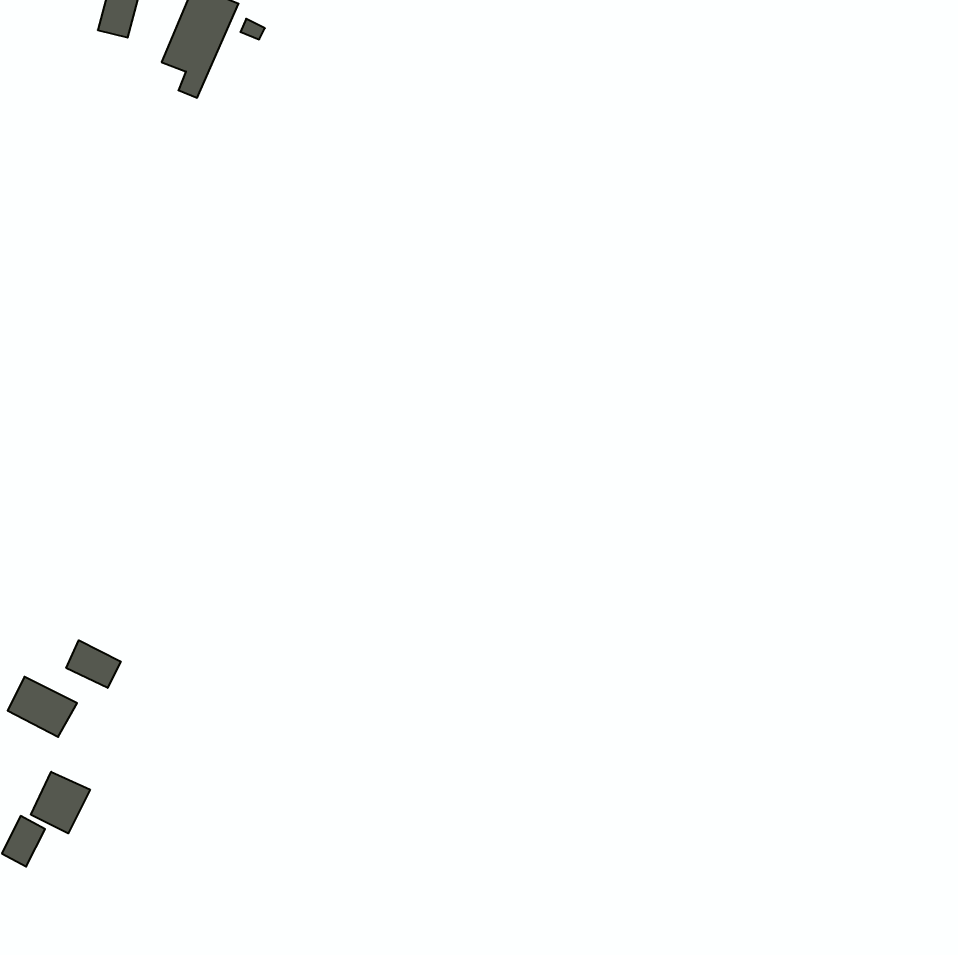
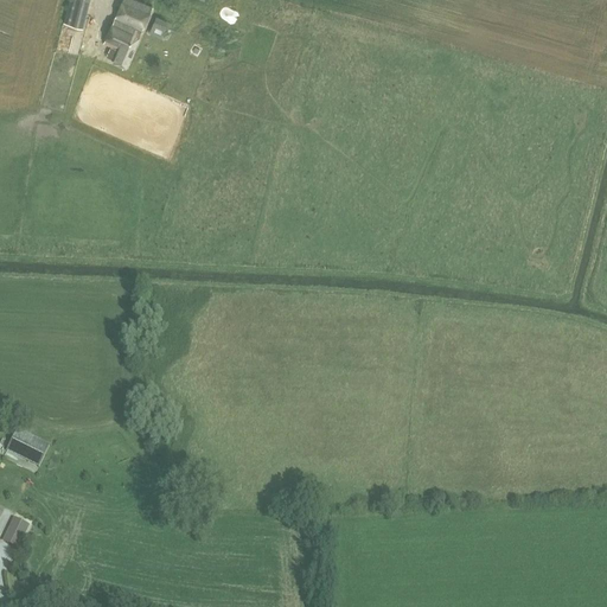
building: [66,640,121,688] -> none
building: [31,772,90,833] -> none

